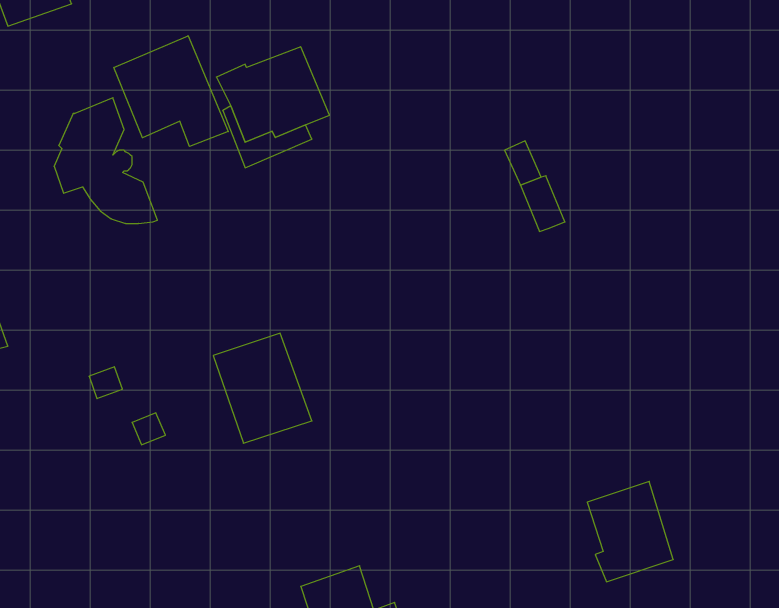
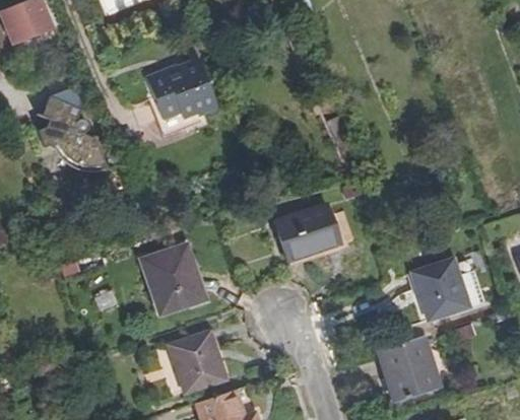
building: [114,36,228,146] -> none
building: none -> [273,204,336,259]
building: none -> [411,264,466,324]
building: none -> [169,328,225,392]

